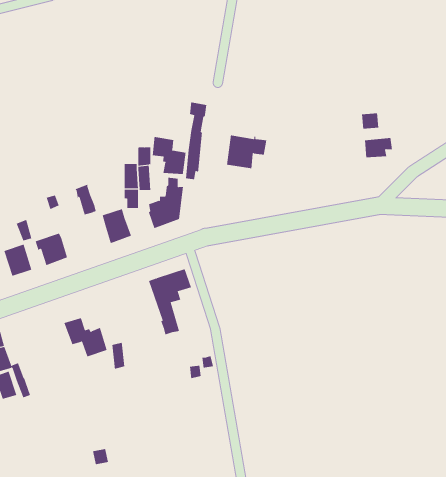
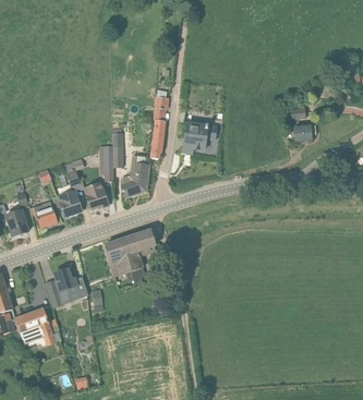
building: [152,136,186,175] -> none
building: none -> [57,183,82,216]
building: none -> [105,239,132,274]
building: none -> [21,307,51,343]

